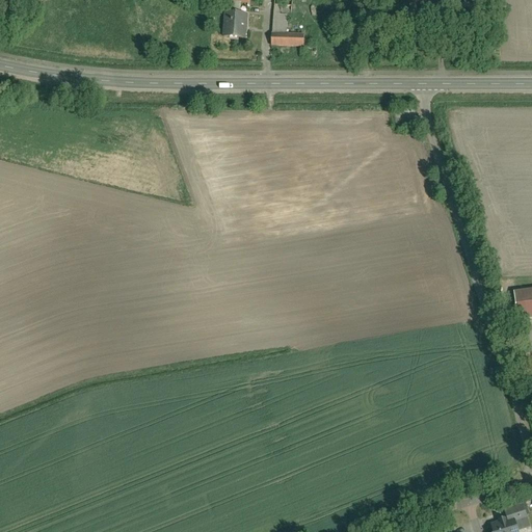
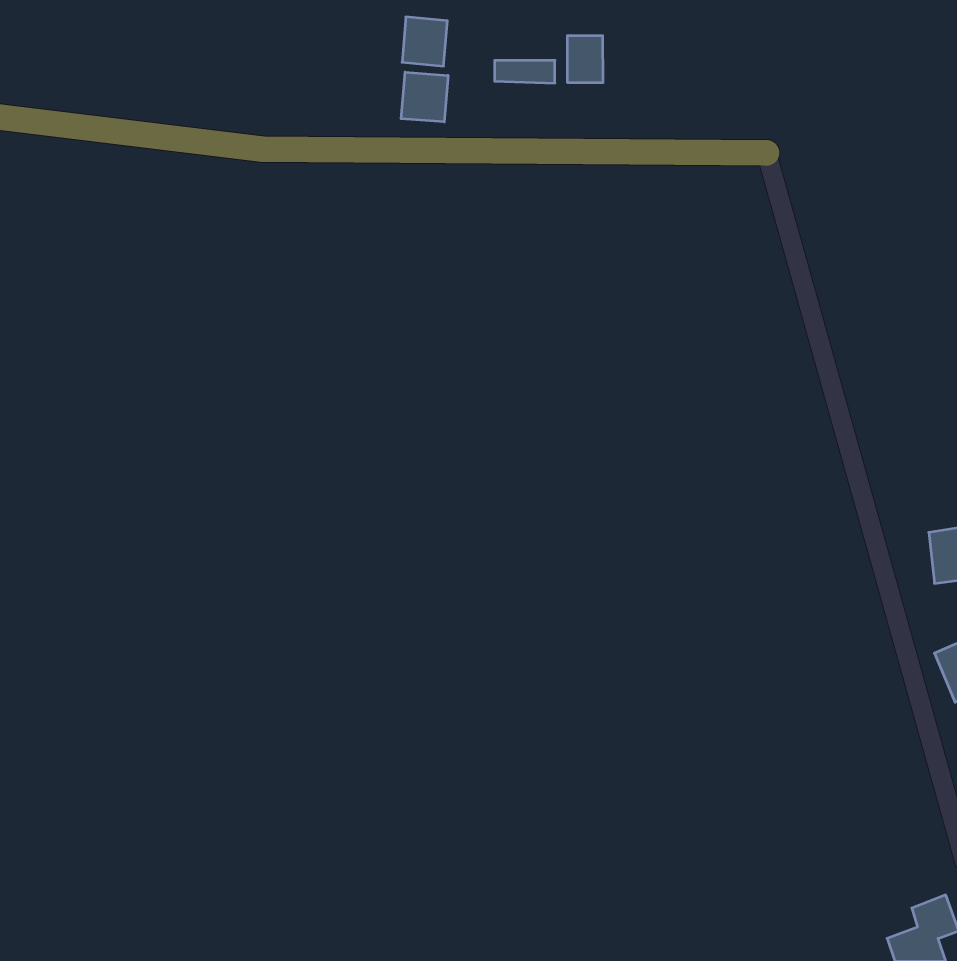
building: none -> [567,36,603,83]
building: none -> [401,72,448,122]

